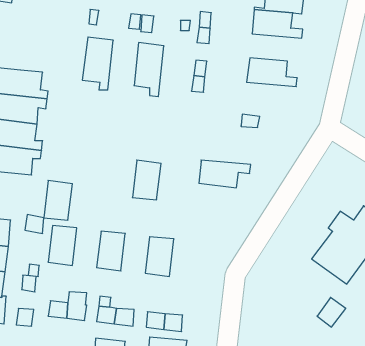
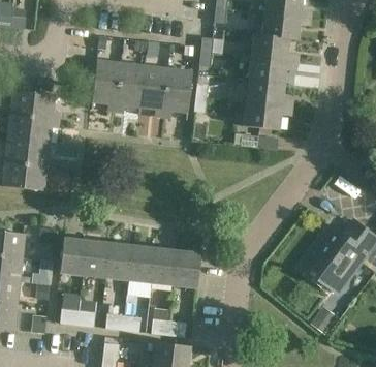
building: none -> [249,58,297,84]
building: none -> [116,64,145,112]
building: none -> [163,69,192,117]
building: [132,160,161,200] -> [128,245,155,282]
building: [199,160,251,188] -> [244,103,292,129]
building: [44,180,72,220] -> [83,240,109,277]
building: none -> [174,250,200,287]

